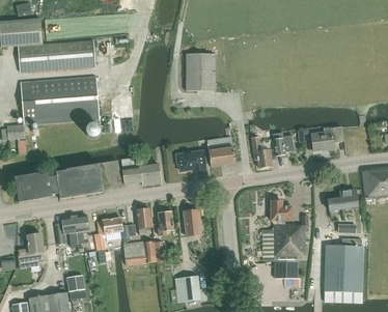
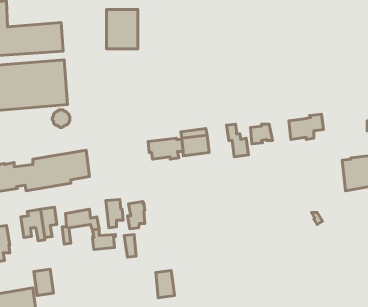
building: [186,53,216,90] -> [106,10,138,49]
building: [120,157,161,186] -> none
building: [328,189,358,209] -> none
building: [262,199,308,277] -> none
building: [183,208,201,236] -> none
building: [324,237,364,303] -> none
building: [124,242,157,265] -> none

